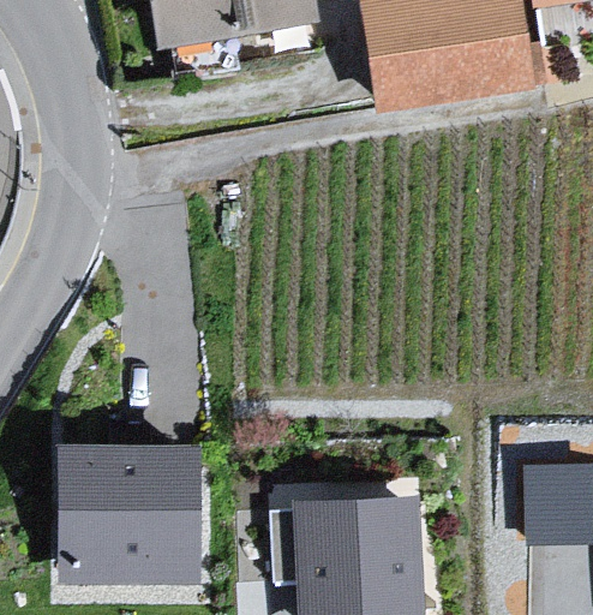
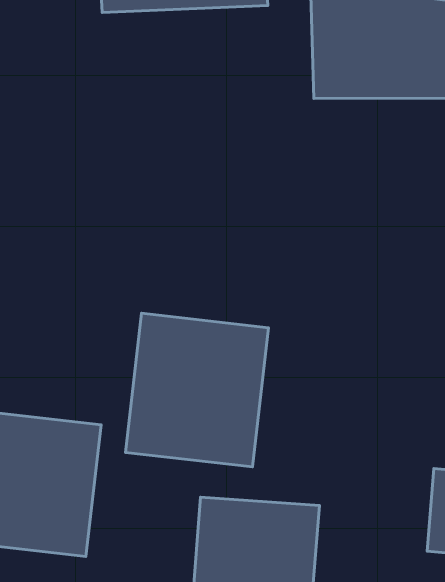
building: none -> [126,313,268,467]

